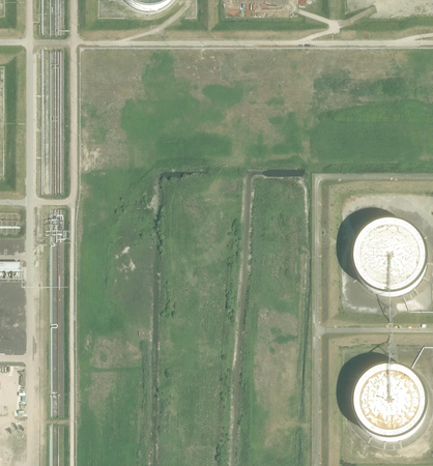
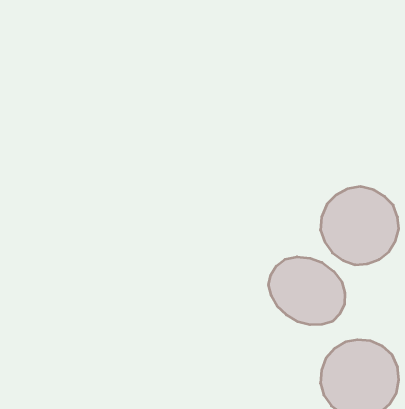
building: none -> [269,257,345,325]

